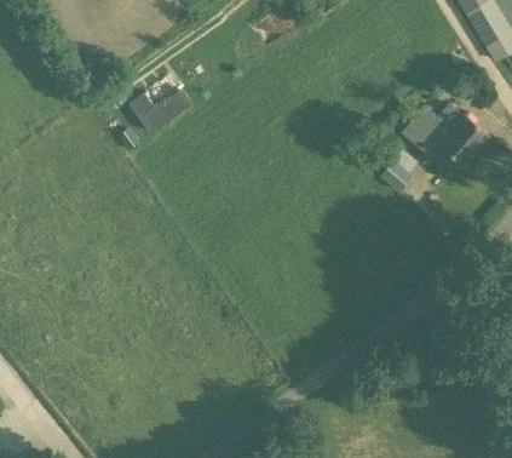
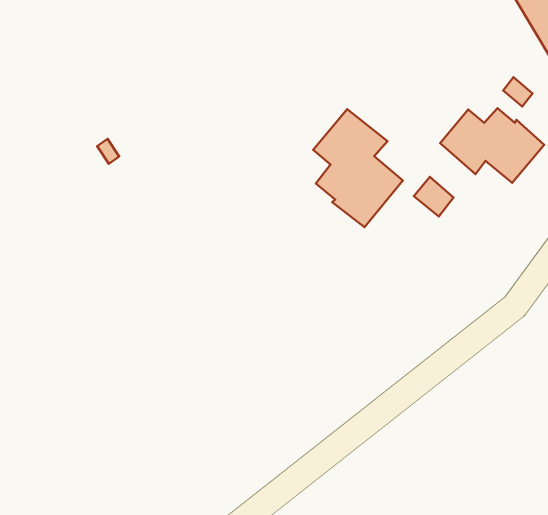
building: [128,88,190,132] -> none
building: none -> [313,109,403,227]

